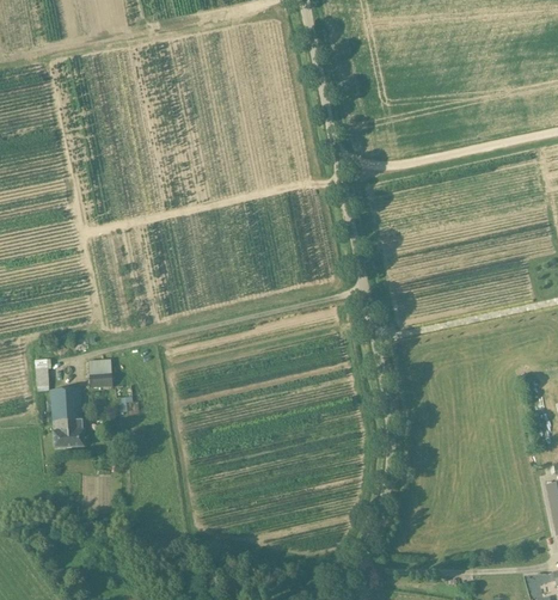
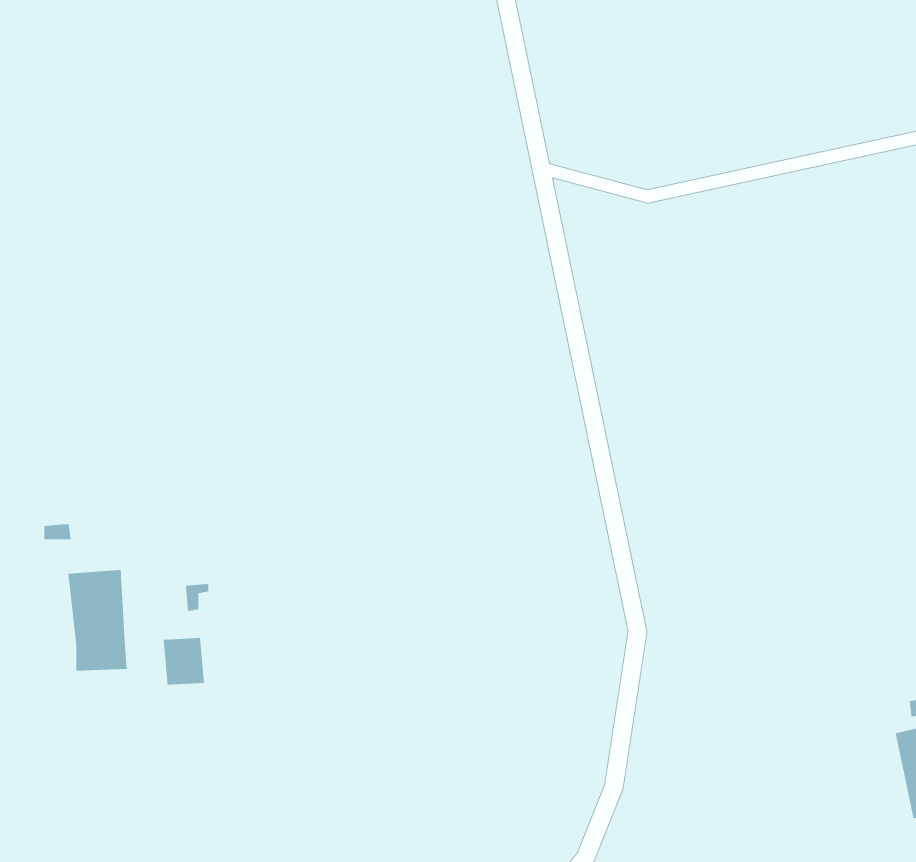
building: [87,359,112,387] -> [163,637,205,685]

